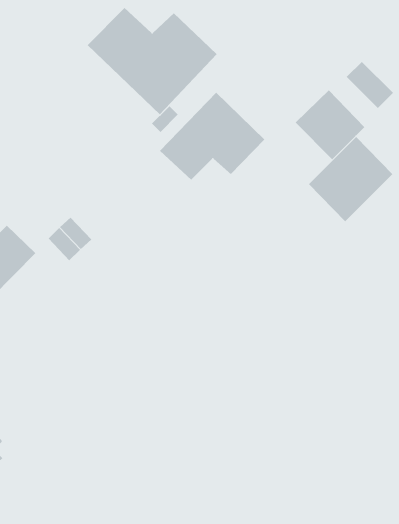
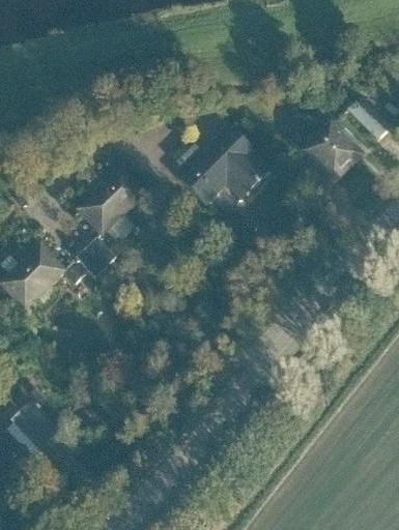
building: [87,7,217,115] -> none
building: [308,136,393,222] -> none
building: none -> [75,169,148,240]

